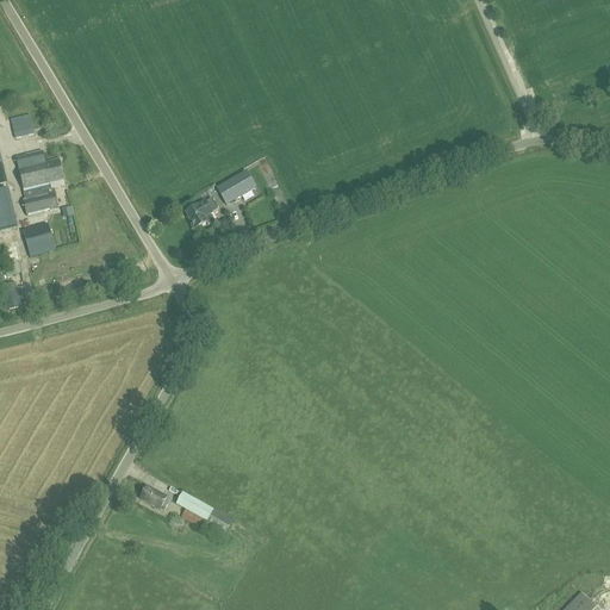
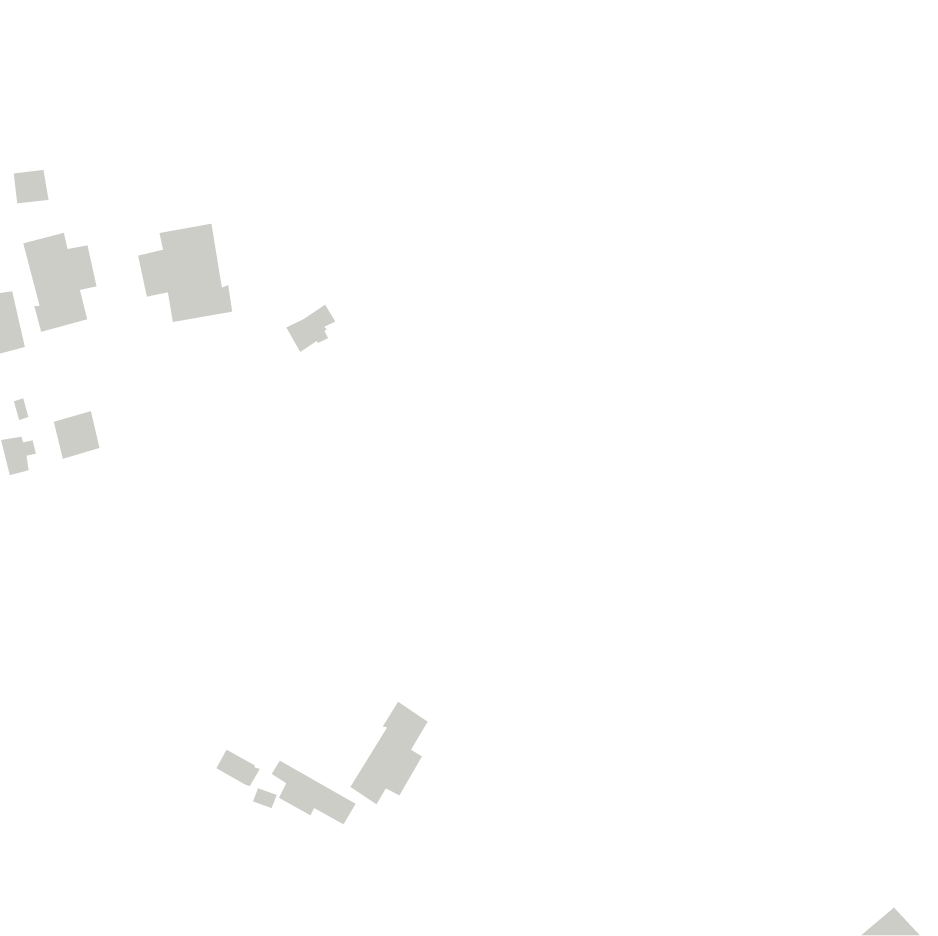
building: none -> [137,223,233,323]
building: [218,170,256,203] -> none
building: [23,224,54,256] -> [53,410,101,460]
building: none -> [349,701,429,805]

